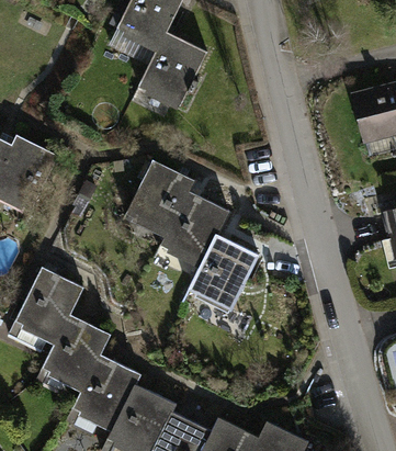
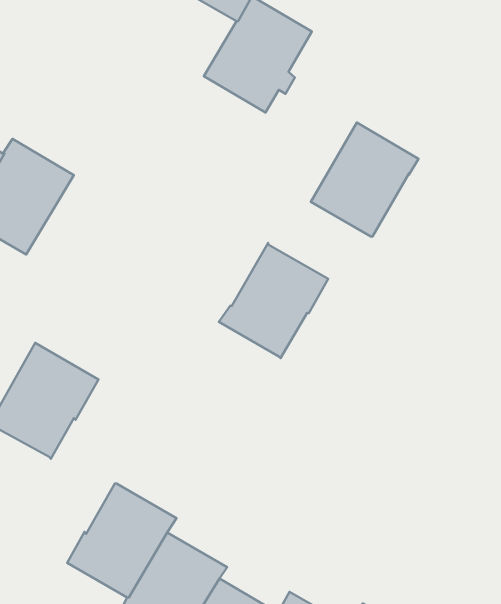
building: [125,160,193,234] -> [311,122,419,236]
building: [188,235,258,311] -> none
building: [42,314,110,388] -> none

